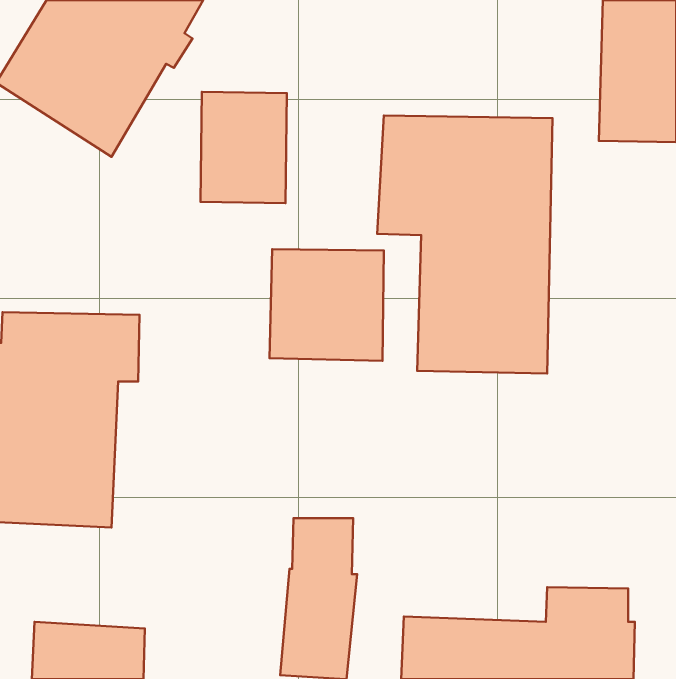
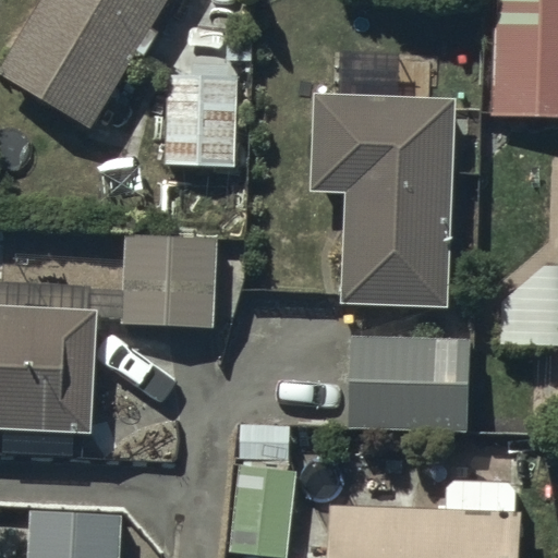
building: [270,249,384,361] -> [121,235,215,327]
building: none -> [351,336,473,429]

